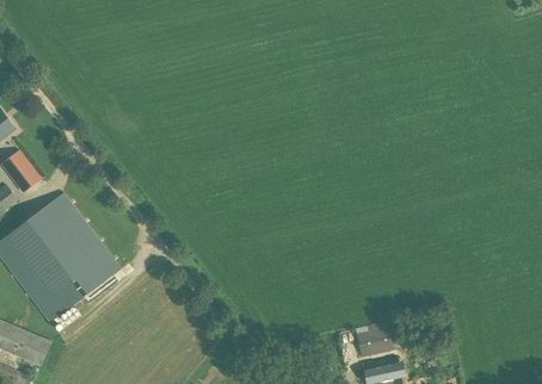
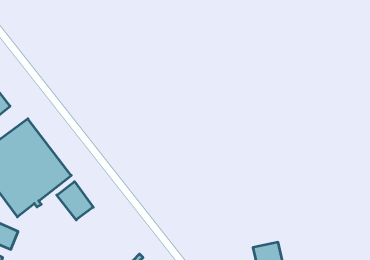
building: none -> [57,182,93,220]
building: [355,322,396,358] -> none

